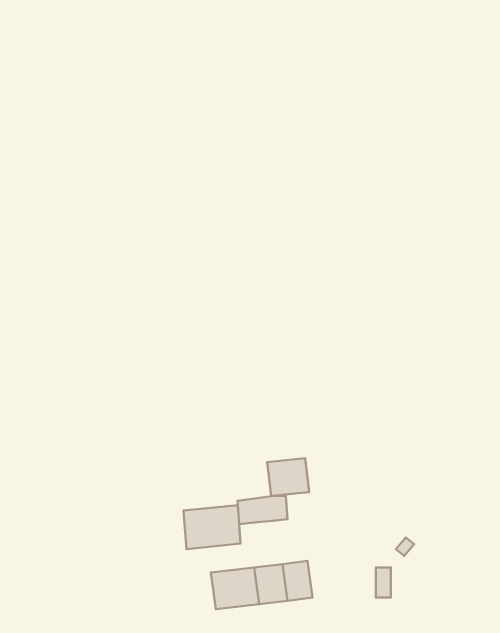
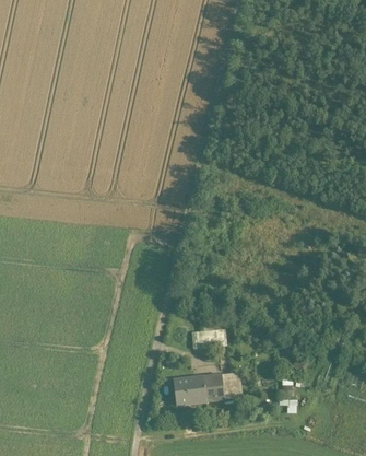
building: [267,458,309,496] -> none
building: [184,505,241,549] -> none

